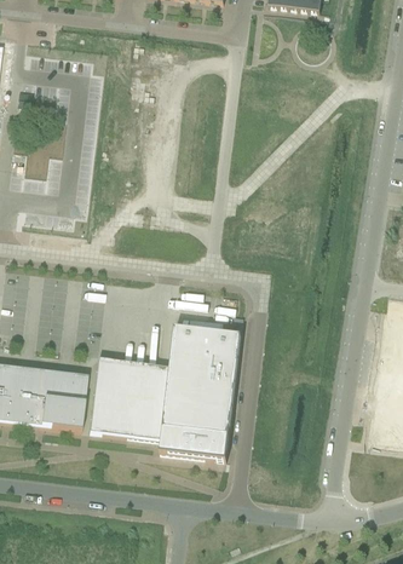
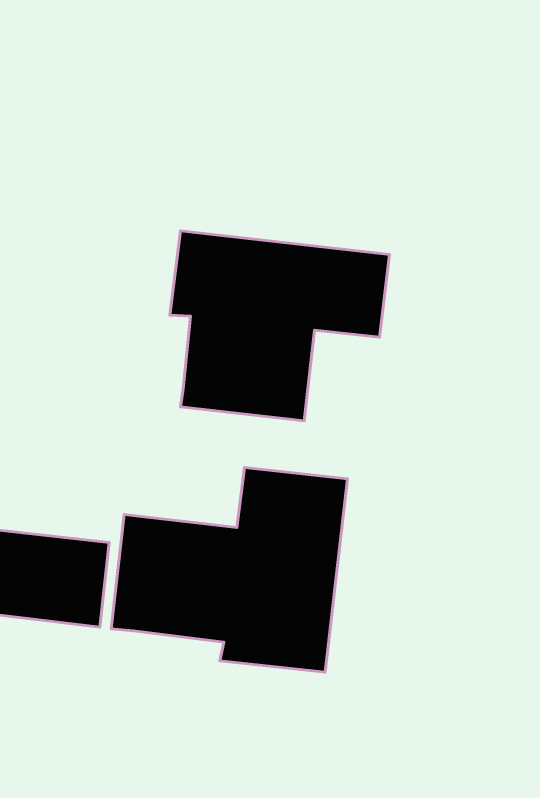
building: none -> [170,231,390,421]

